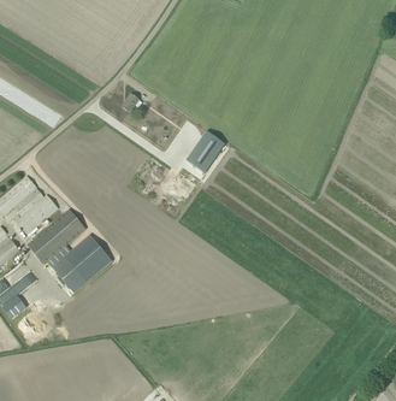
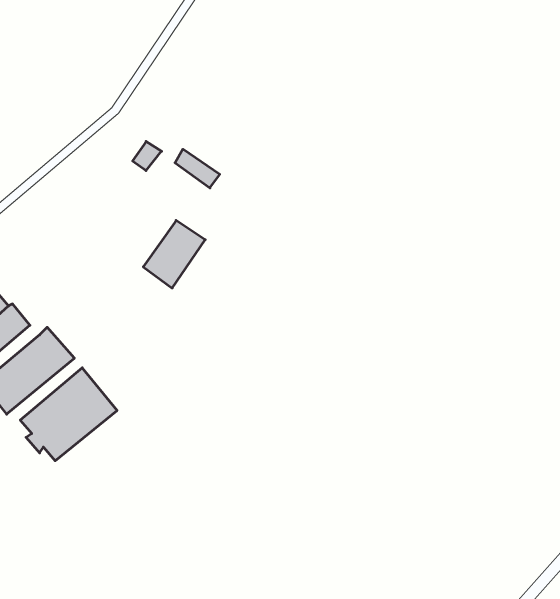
building: [187,130,225,172] -> [143,220,205,288]

